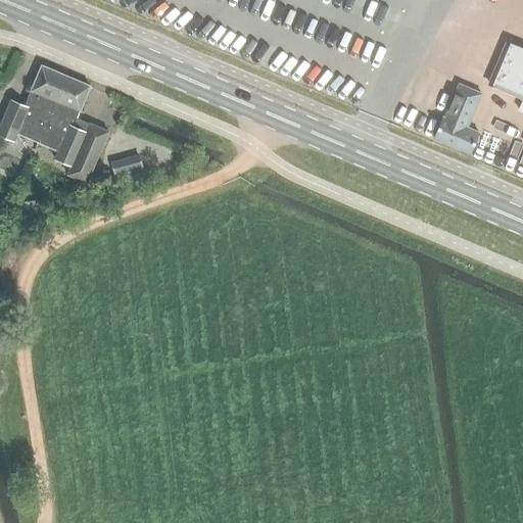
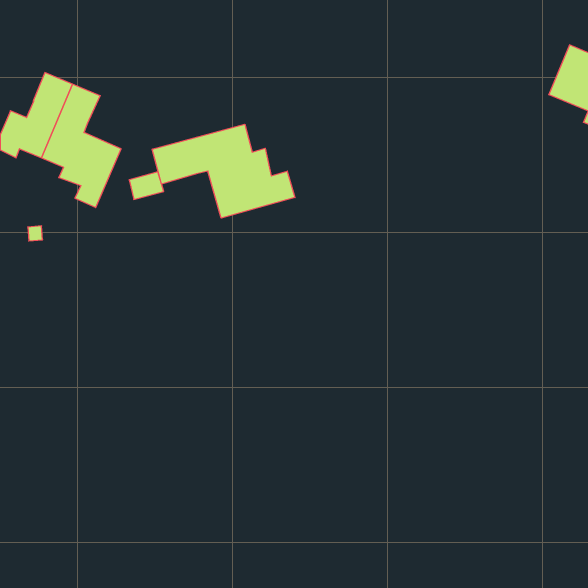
building: [433,83,481,152] -> none
building: none -> [152,124,295,218]

